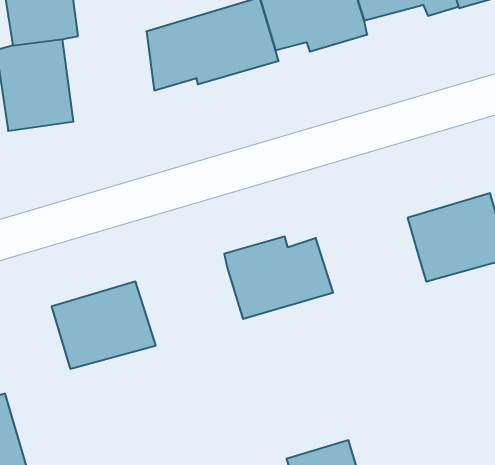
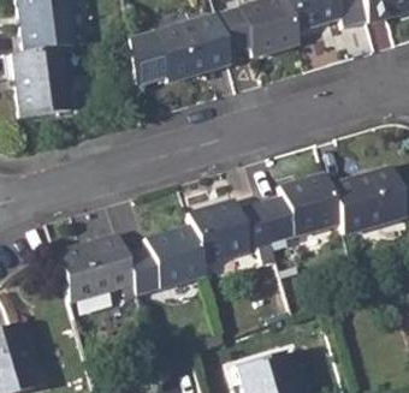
building: none -> [260,172,342,242]
building: none -> [126,222,207,294]

